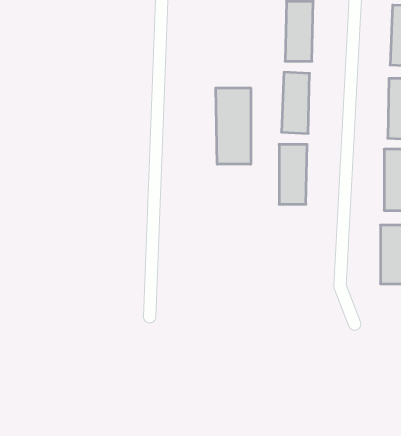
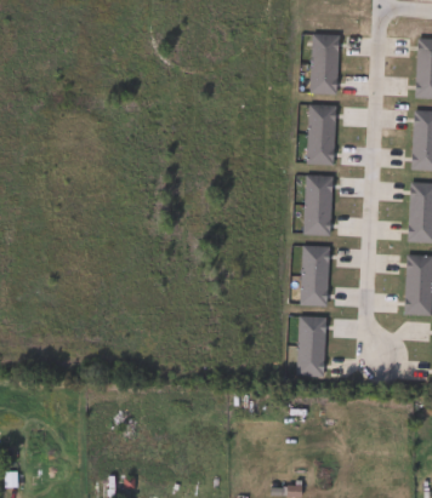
building: [216,88,251,164] -> none
building: none -> [301,246,329,305]
building: none -> [297,316,325,376]

